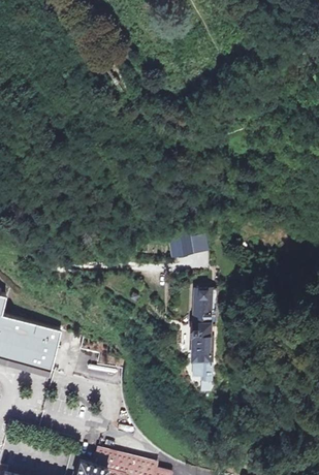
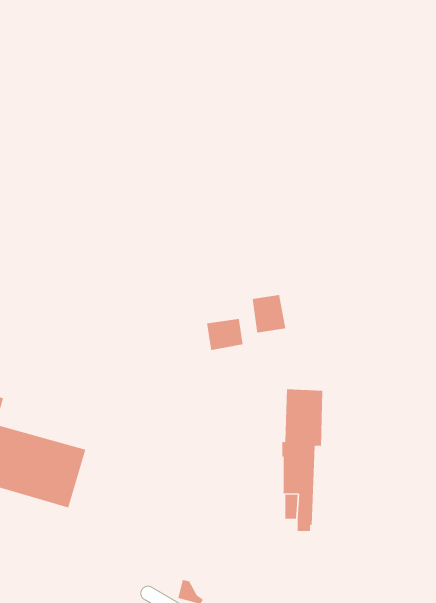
building: none -> [207,318,243,351]

